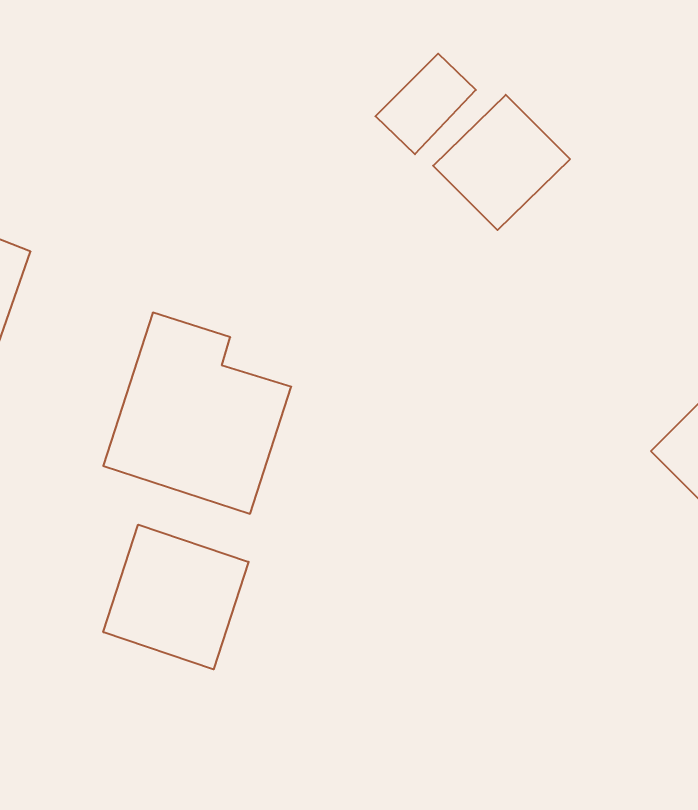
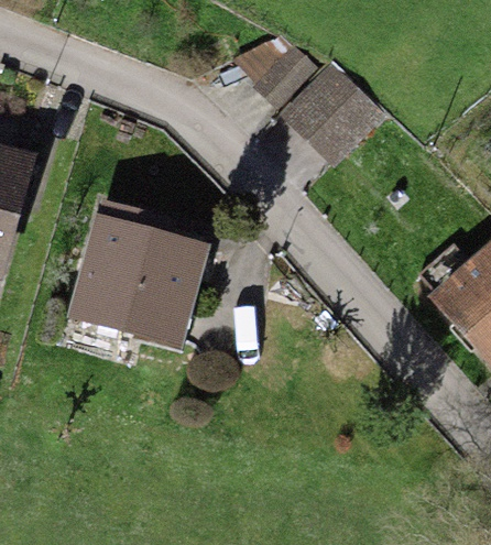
building: [103,525,249,669] -> none

